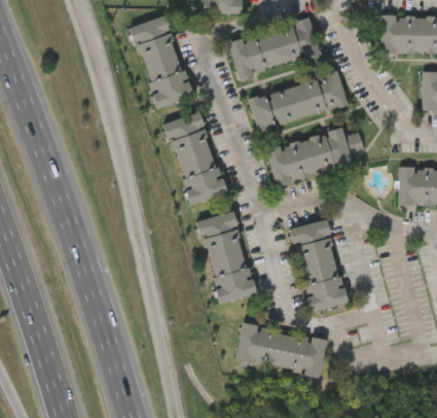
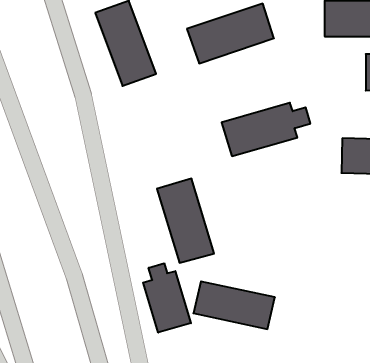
building: [248,68,350,135] -> none
building: [162,111,225,204] -> none
building: [290,218,350,312] -> none
building: none -> [143,263,191,333]

